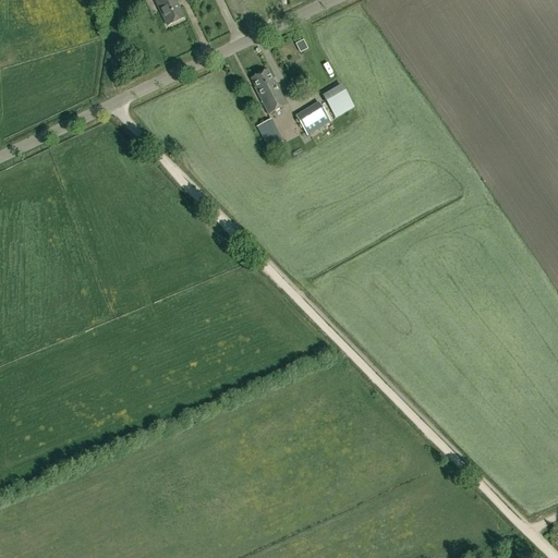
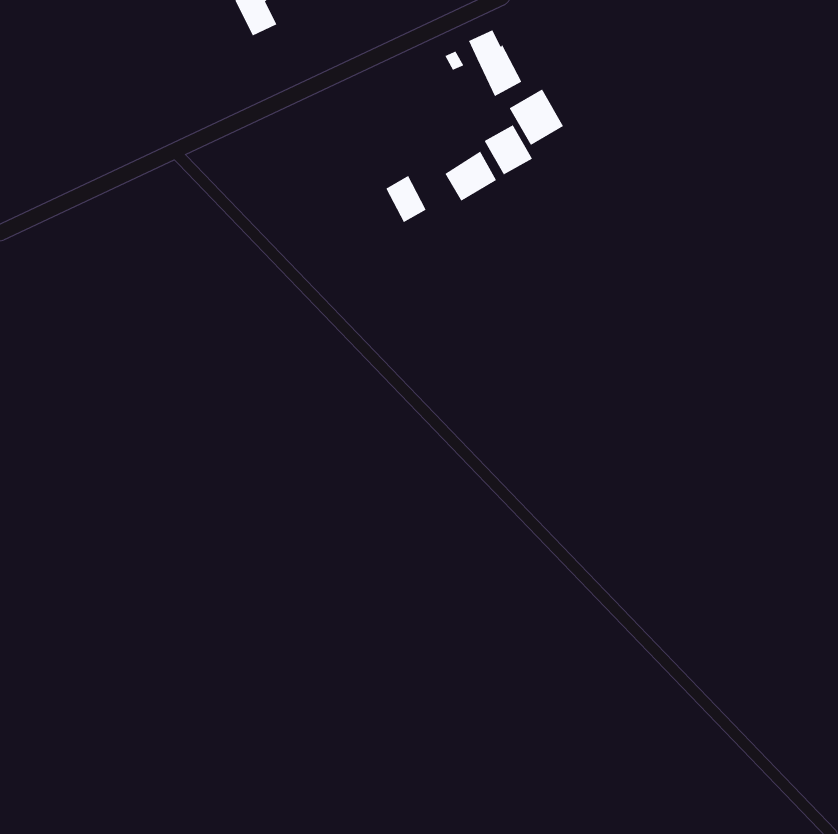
building: none -> [509,88,564,146]
building: [251,69,287,113] -> [468,30,522,97]

